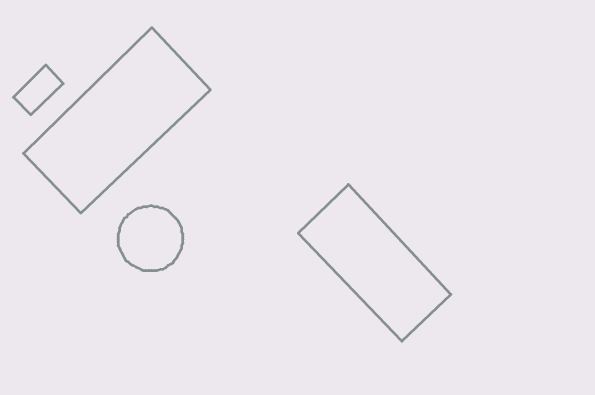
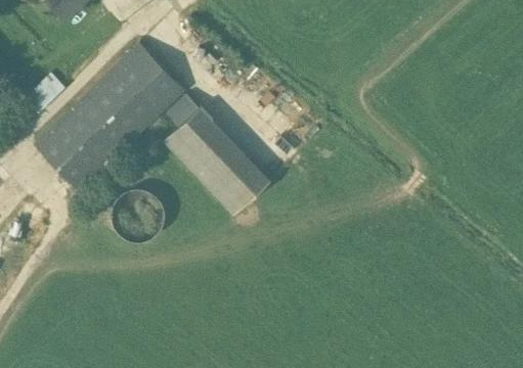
building: none -> [162,105,270,215]
building: [298,184,451,341] -> none

